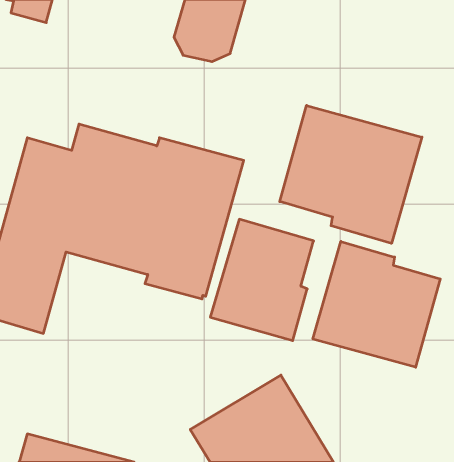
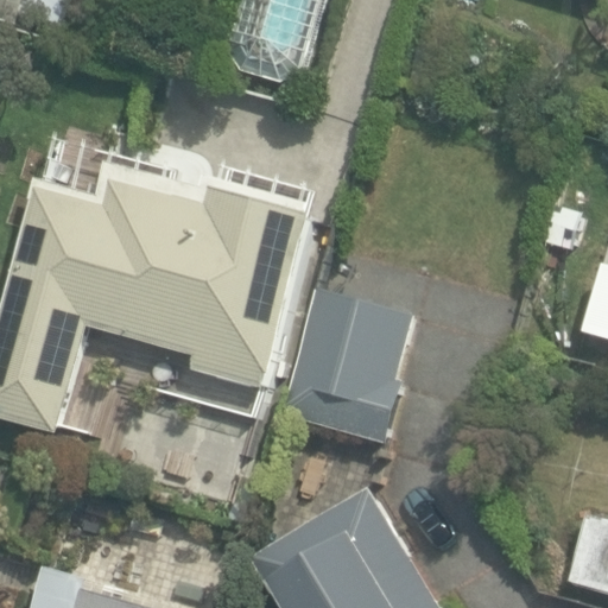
building: [280,105,422,243] -> none
building: [313,241,440,367] -> none

